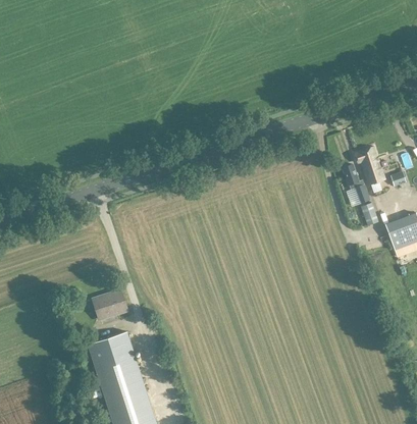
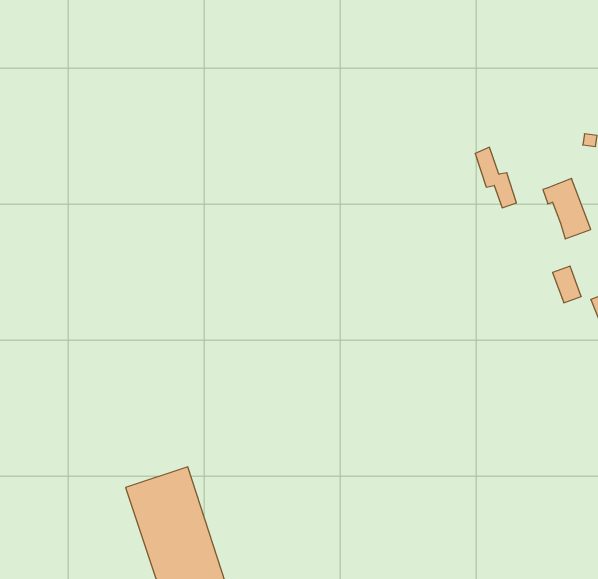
building: [343,165,369,204] -> [475,147,516,208]
building: [91,288,128,322] -> none

